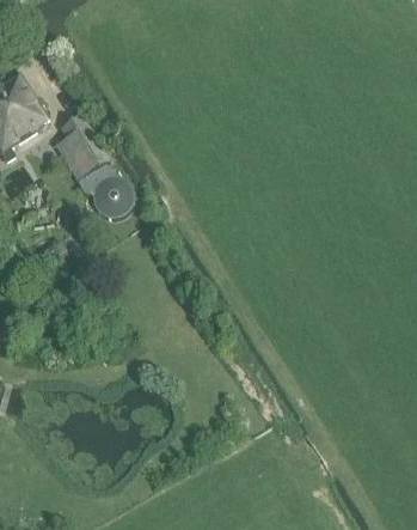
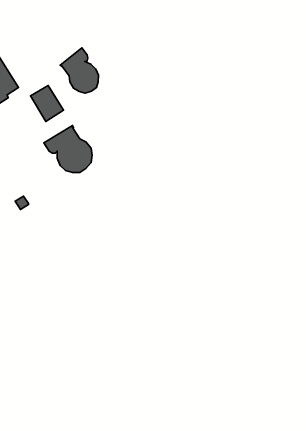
building: none -> [60,48,98,93]

